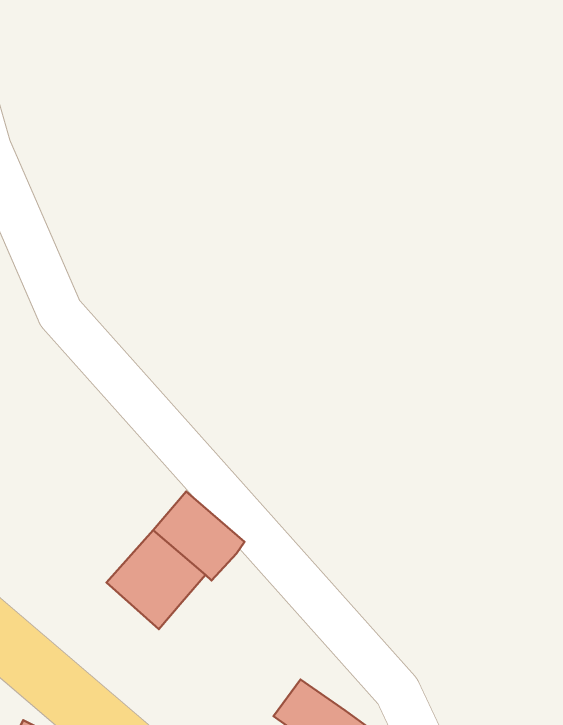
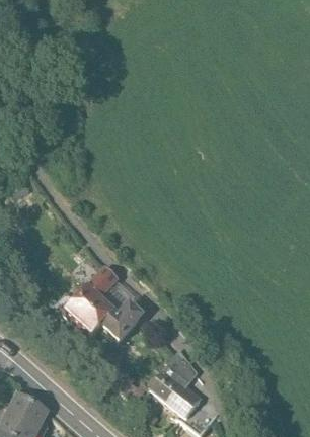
building: none -> [100,303,144,345]
building: none -> [162,347,197,385]

